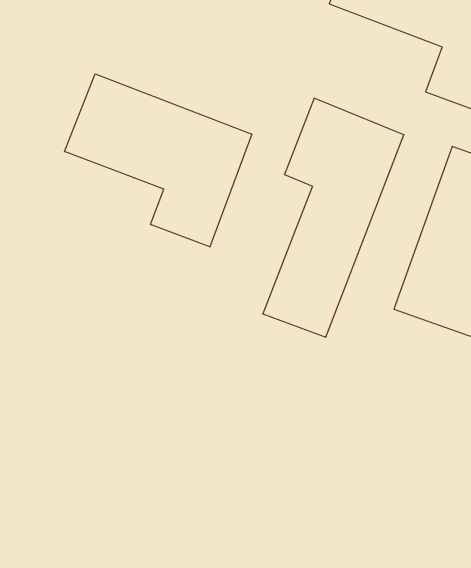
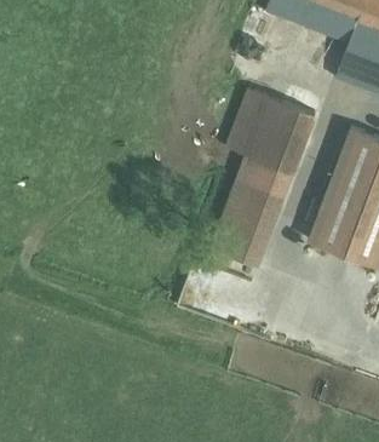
building: [65,74,252,247] -> none

